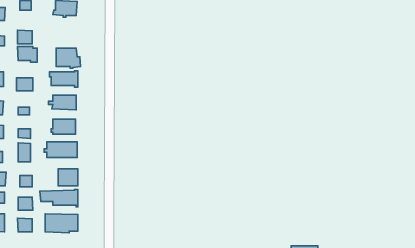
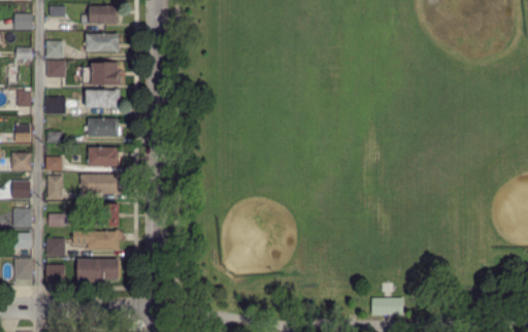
building: none -> [82,32,119,52]

